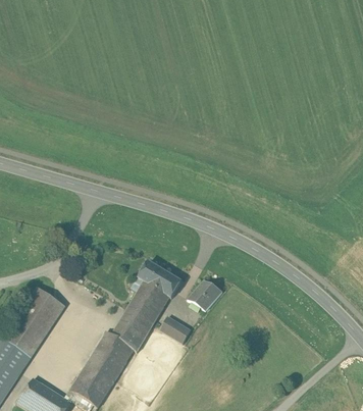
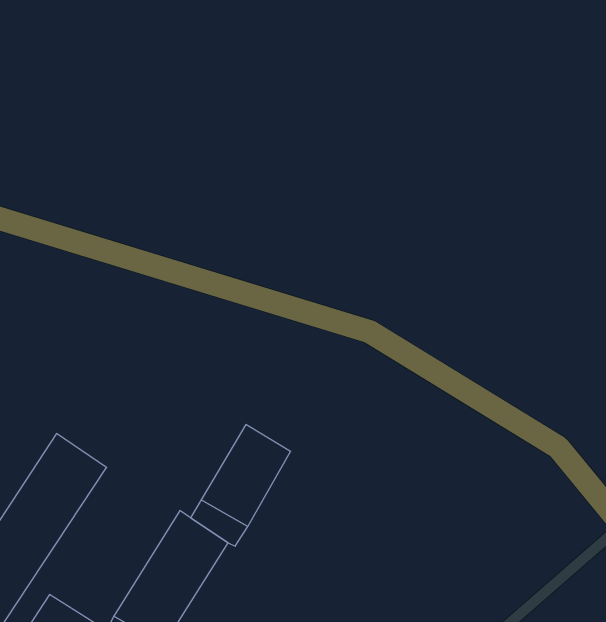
building: [139,263,182,299] -> none
building: [187,281,222,312] -> none
building: [160,317,191,344] -> none

